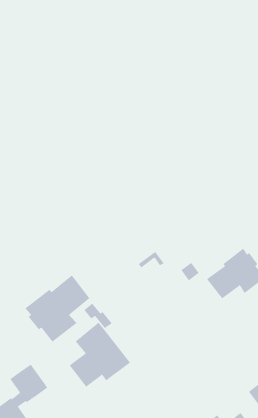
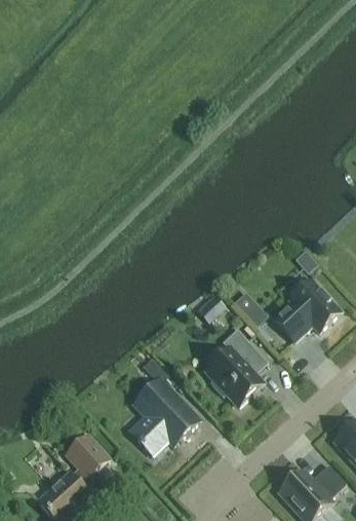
building: [25,275,90,342] -> none
building: none -> [205,328,266,405]

